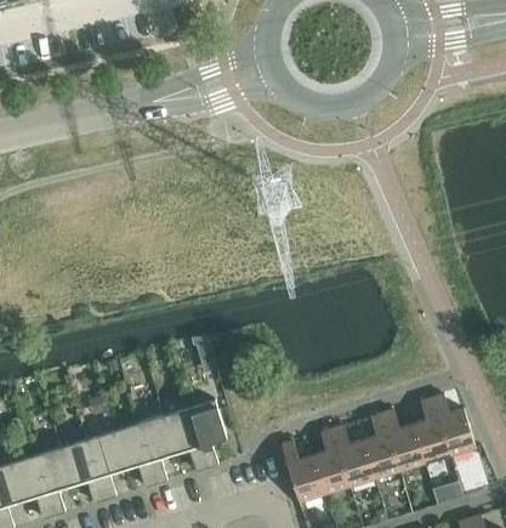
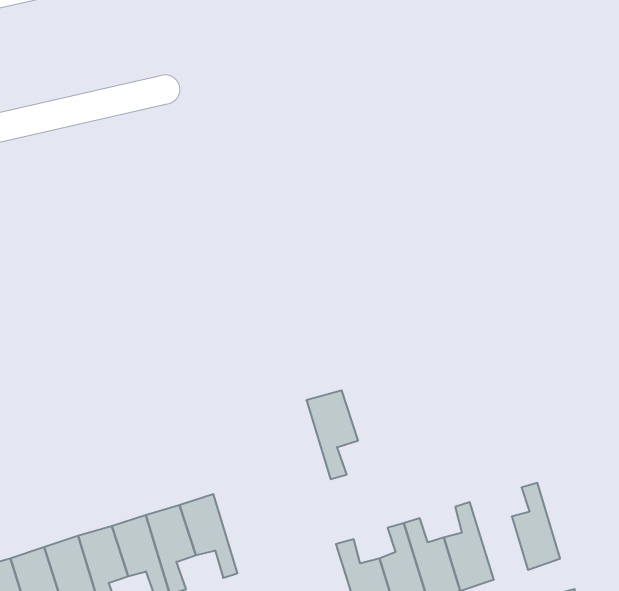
building: [432,394,476,455] -> none
building: [188,399,227,466] -> [306,391,358,479]
building: [381,409,425,471] -> none

